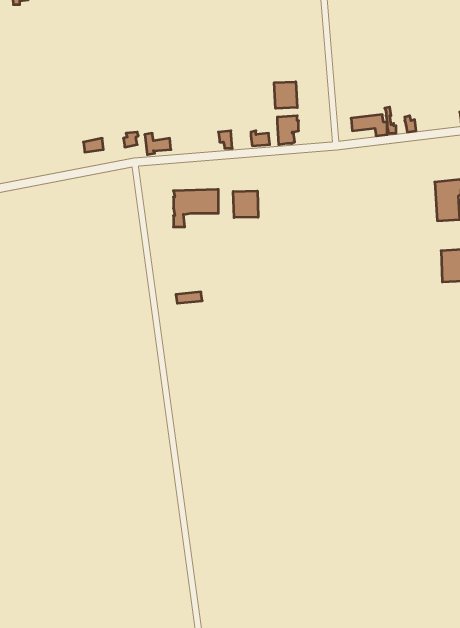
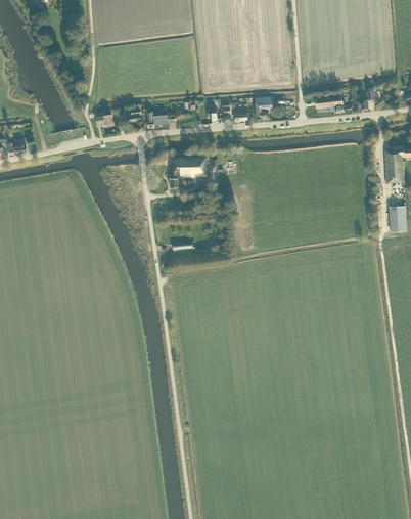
building: [274,82,297,108] -> none
building: [233,191,258,218] -> none

